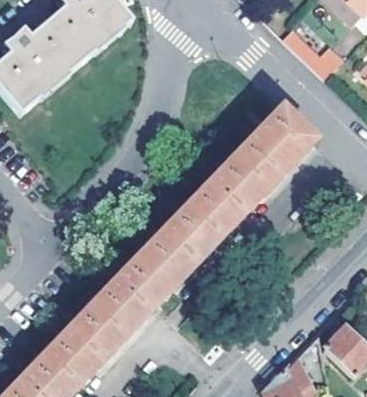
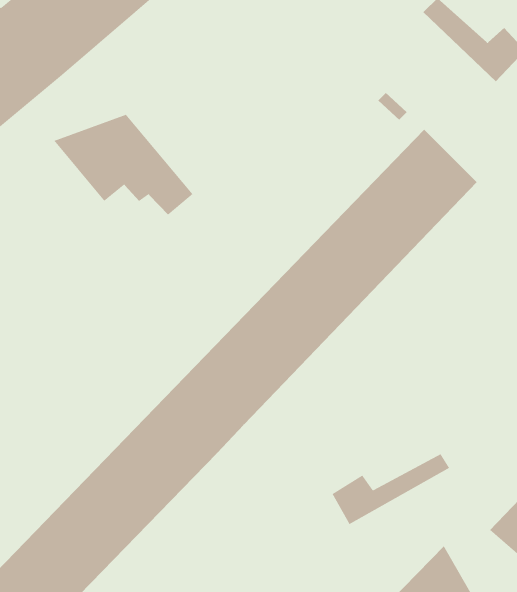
building: none -> [53,114,193,216]
building: none -> [332,453,450,525]

